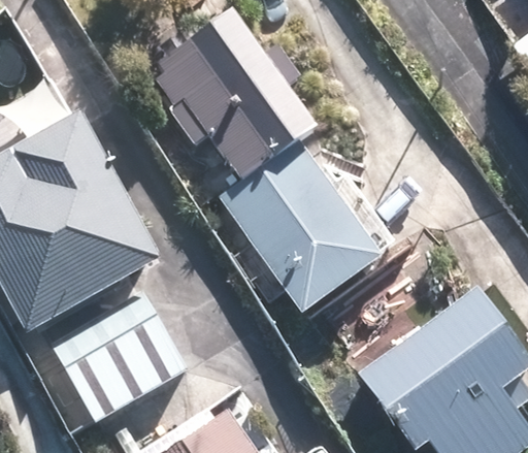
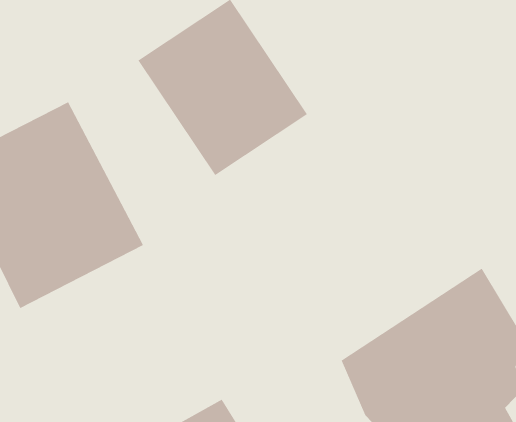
building: [221,143,376,314] -> none
building: [67,303,185,413] -> none

